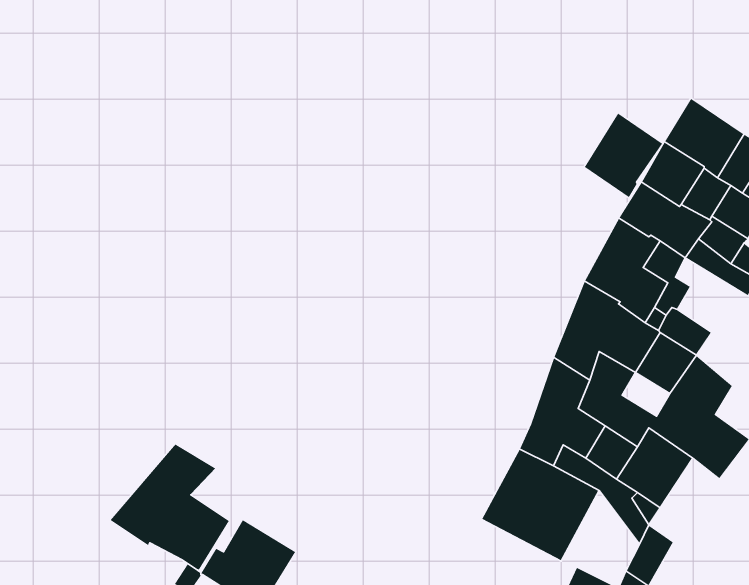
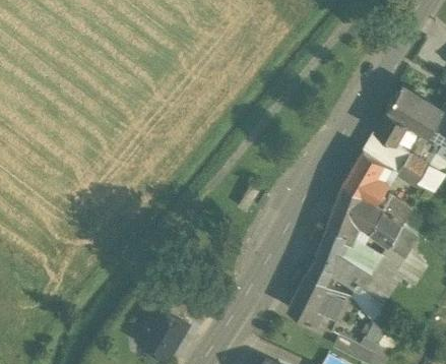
building: [584,113,663,198] -> none
building: [109,444,230,570] -> none

